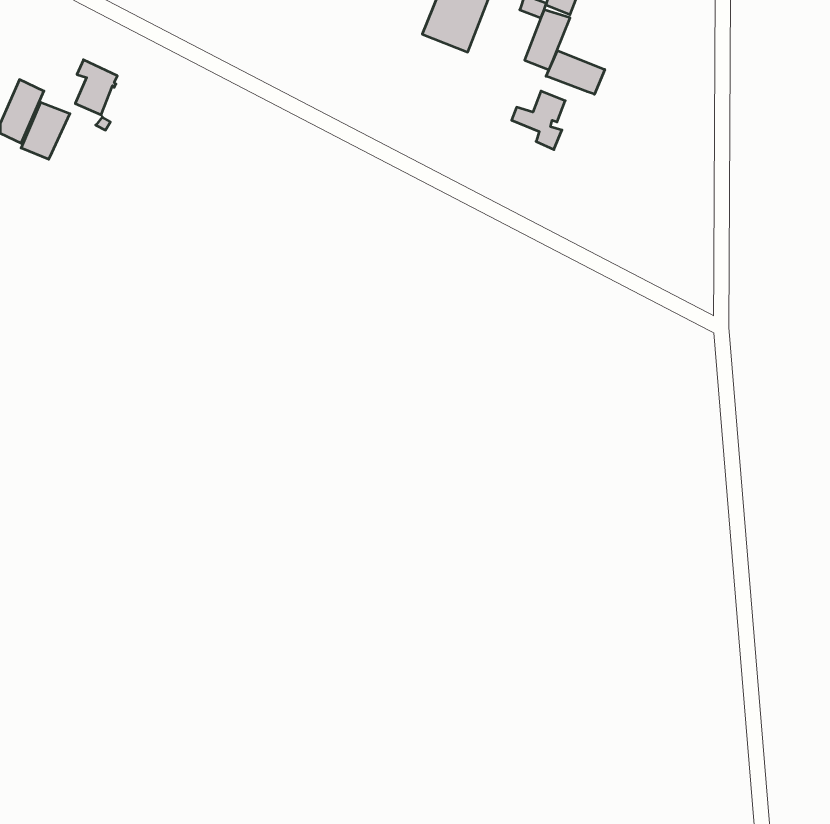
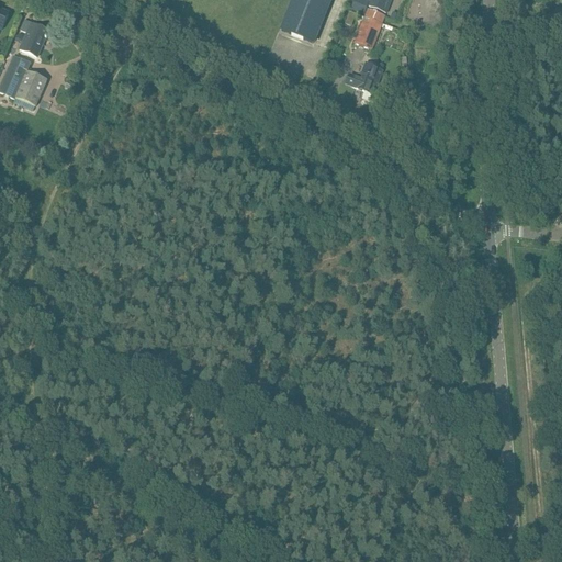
building: [546,50,605,94] -> none
building: [75,60,117,115] -> [20,18,48,55]

